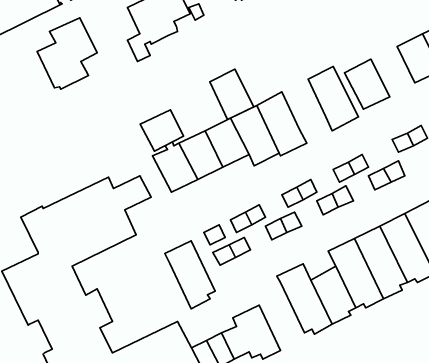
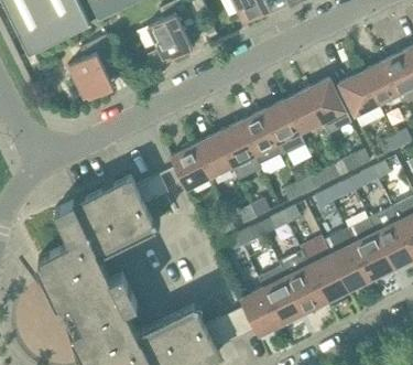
building: none -> [361,61,400,105]
building: [210,69,254,120] -> [283,89,322,133]
building: [140,110,184,151] -> none
building: [165,241,215,309] -> [259,268,303,328]

